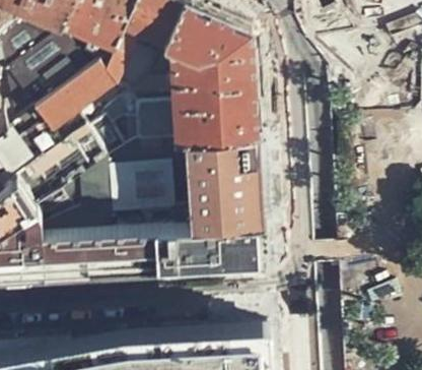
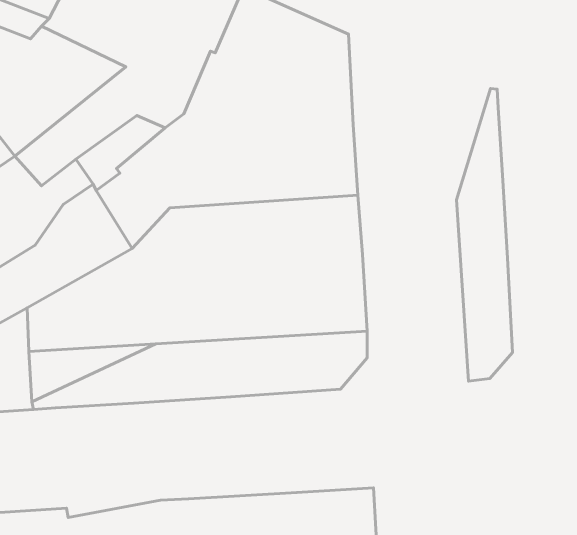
building: none -> [457,89,513,381]
building: [44,238,126,275] -> none

